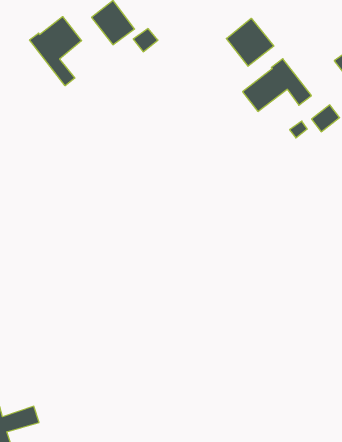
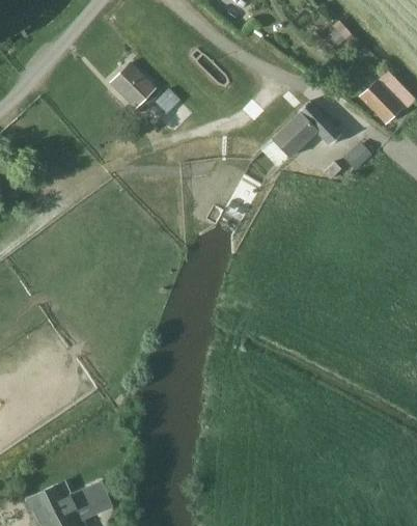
building: [30,17,82,86] -> none
building: [226,18,274,66] -> none

